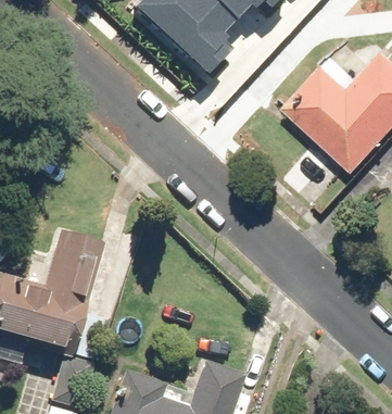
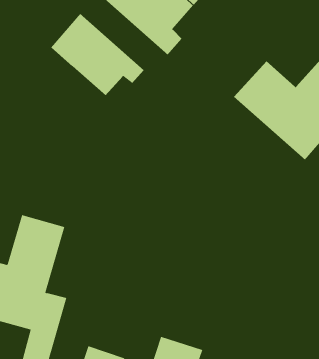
building: none -> [50,13,145,96]

